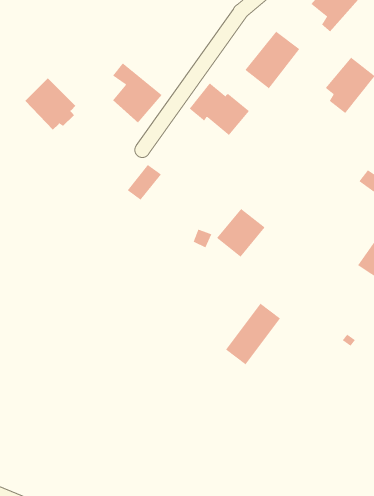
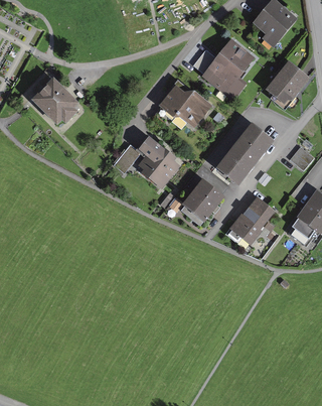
building: [112,63,163,123] -> [139,137,178,184]
building: none -> [216,124,269,181]
building: [225,303,281,365] -> [227,197,271,246]

